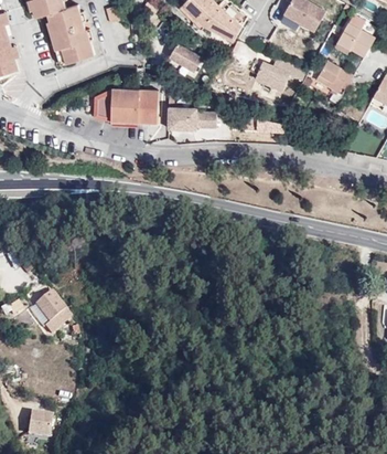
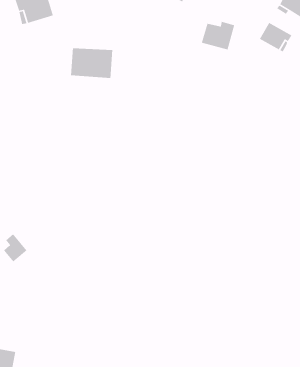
building: [168,44,203,75] -> none
building: [94,88,115,119] -> none
building: [169,107,216,129] -> none

